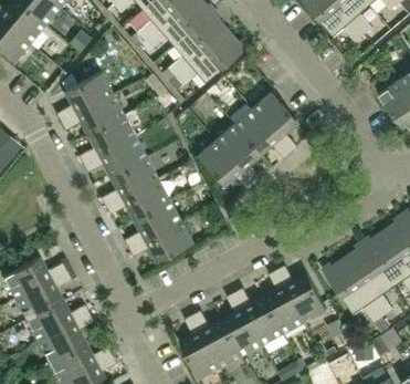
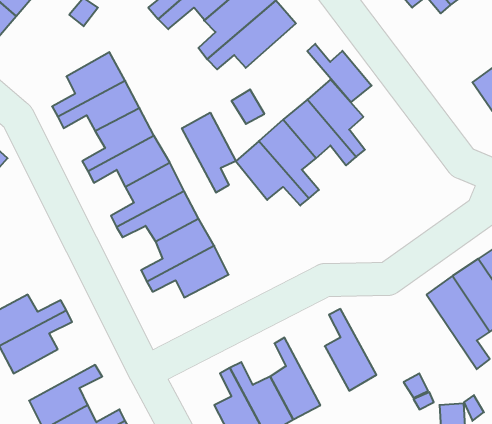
building: none -> [307,44,372,102]
building: none -> [182,113,236,193]
building: [324,257,382,320] -> none
building: [277,263,326,319] -> none
building: [234,286,284,342] -> none
building: [25,299,88,339] -> none

